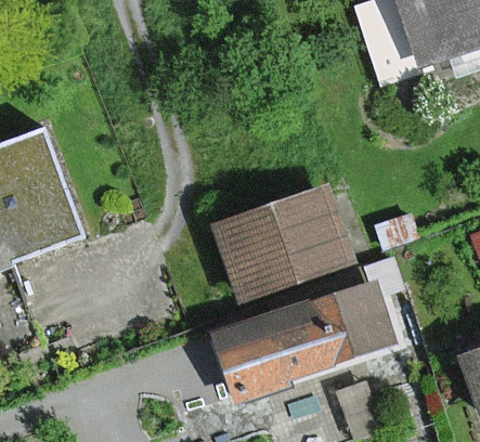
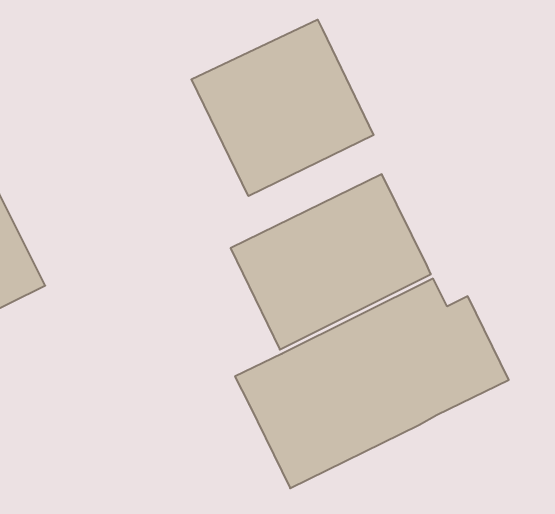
building: none -> [191,20,374,196]

